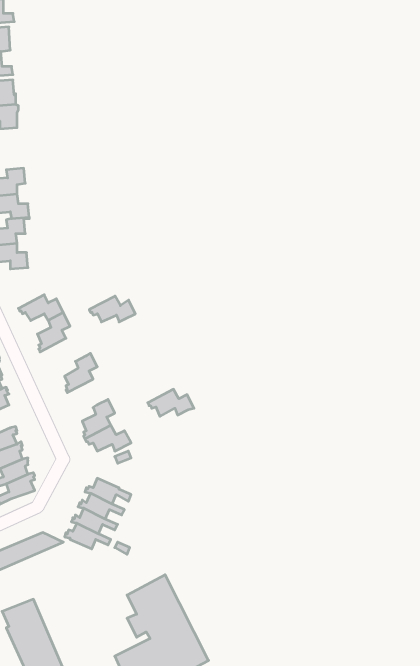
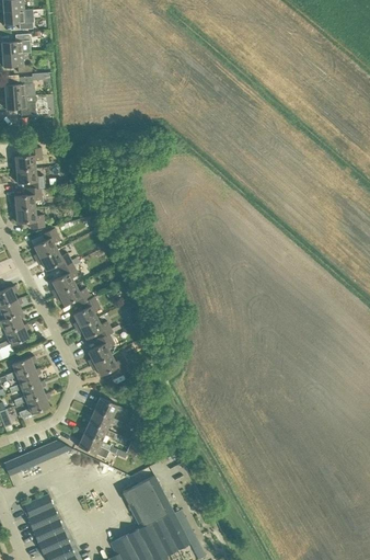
building: none -> [33,228,60,260]
building: [89,296,135,322] -> [54,284,91,305]
building: [148,389,194,416] -> [76,317,113,339]

